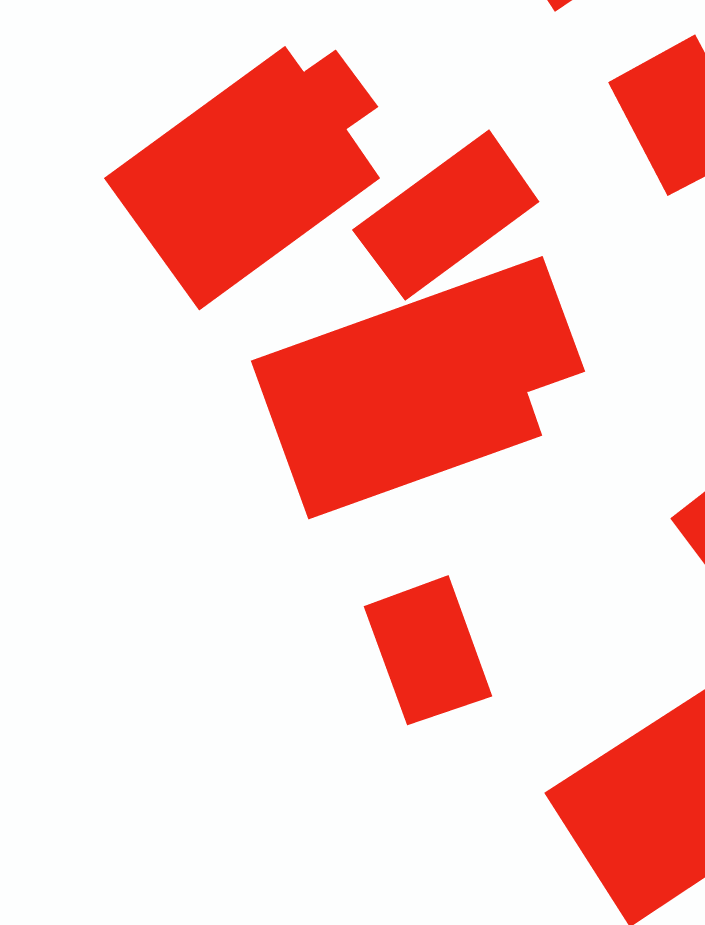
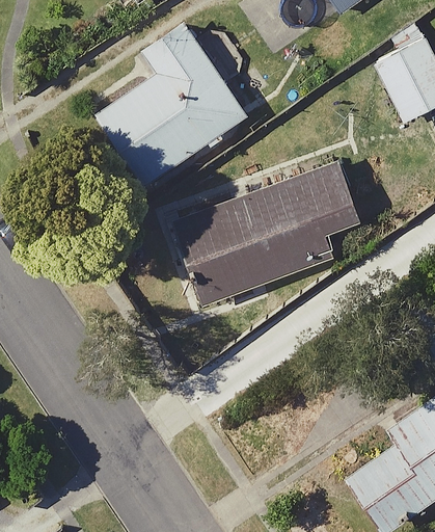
building: [351,128,540,302] -> none
building: [363,574,493,726] -> none

